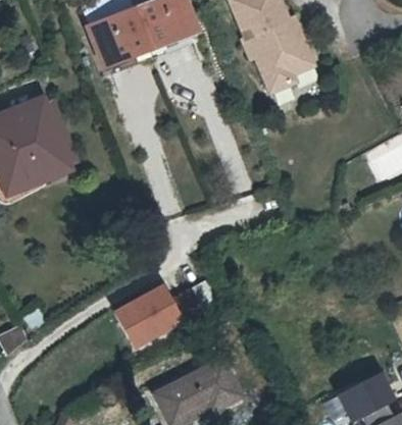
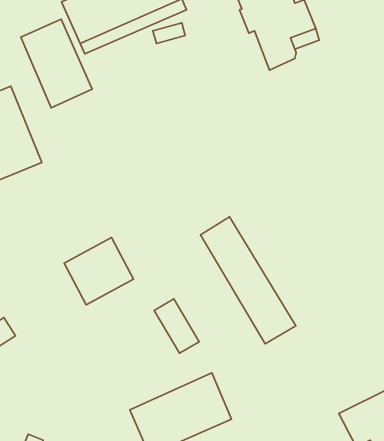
building: none -> [21,19,92,108]
building: none -> [200,217,296,344]
building: [115,287,177,347] -> [64,238,134,305]

